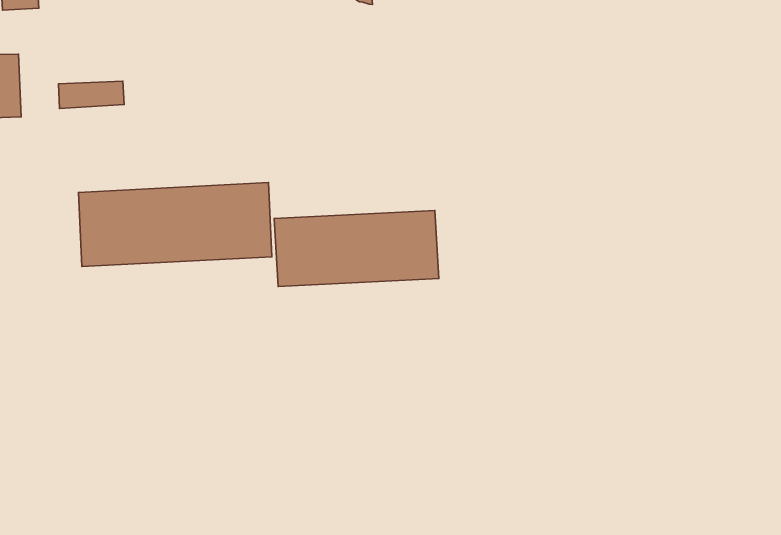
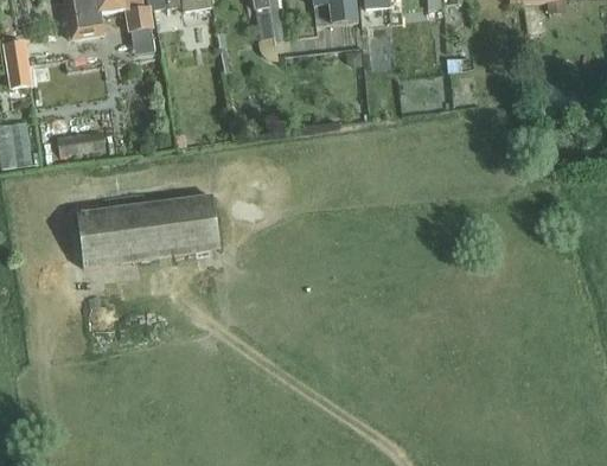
building: [274,210,439,287] -> none

